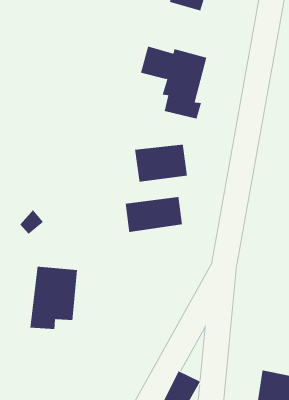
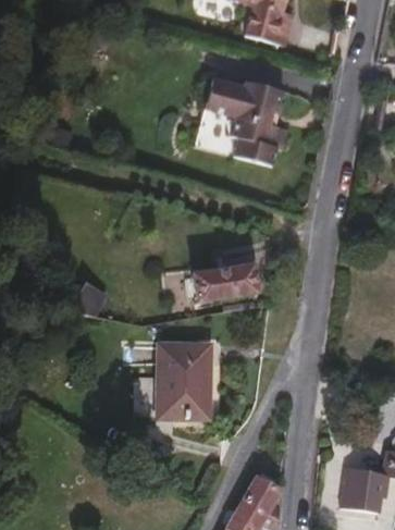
building: [135,144,188,183] -> none
building: [30,266,78,330] -> [152,346,210,422]

